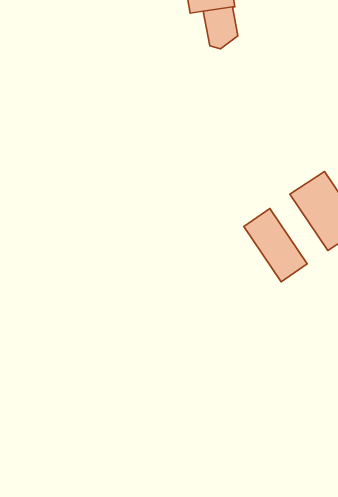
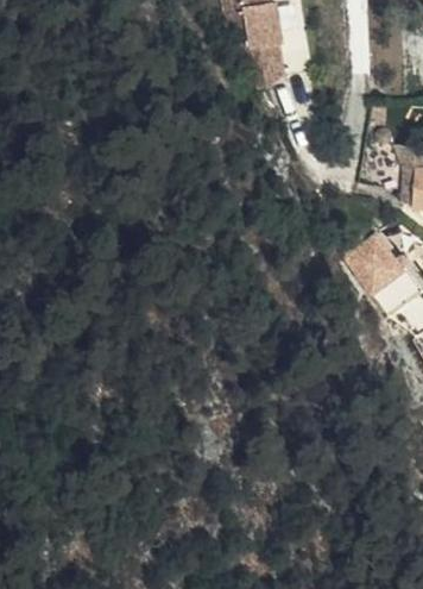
building: [244,208,307,282] -> none

